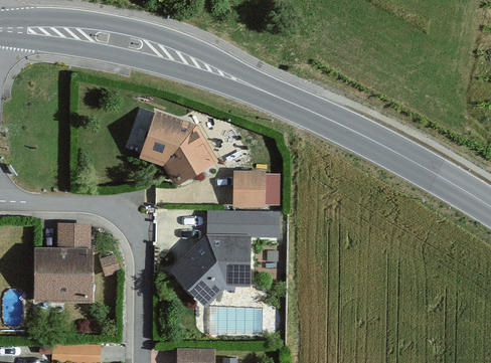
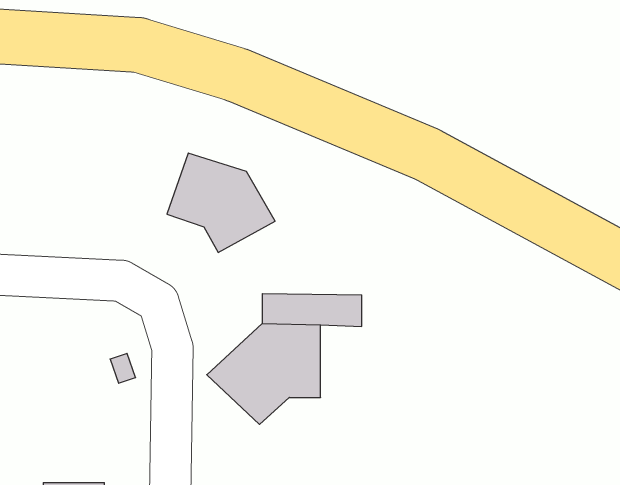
building: [234,173,265,206] -> none
building: [35,249,91,302] -> none

